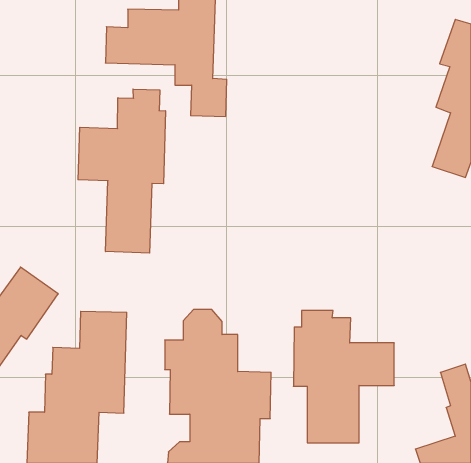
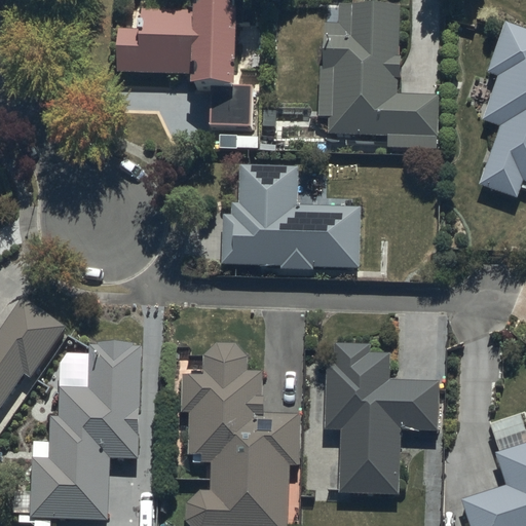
building: none -> [321,7,438,147]
building: [78,89,165,253] -> none
building: none -> [222,165,361,269]

